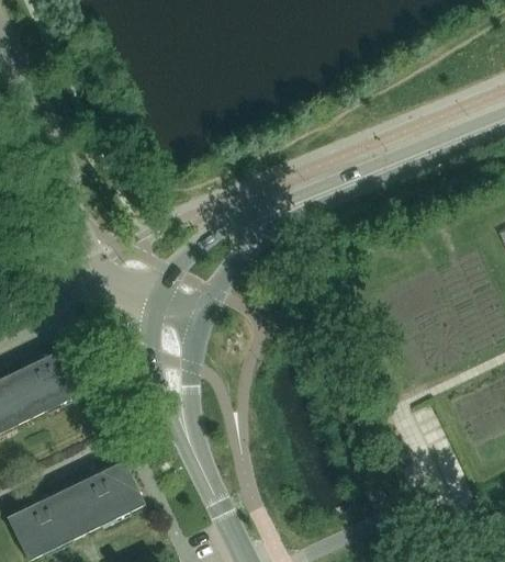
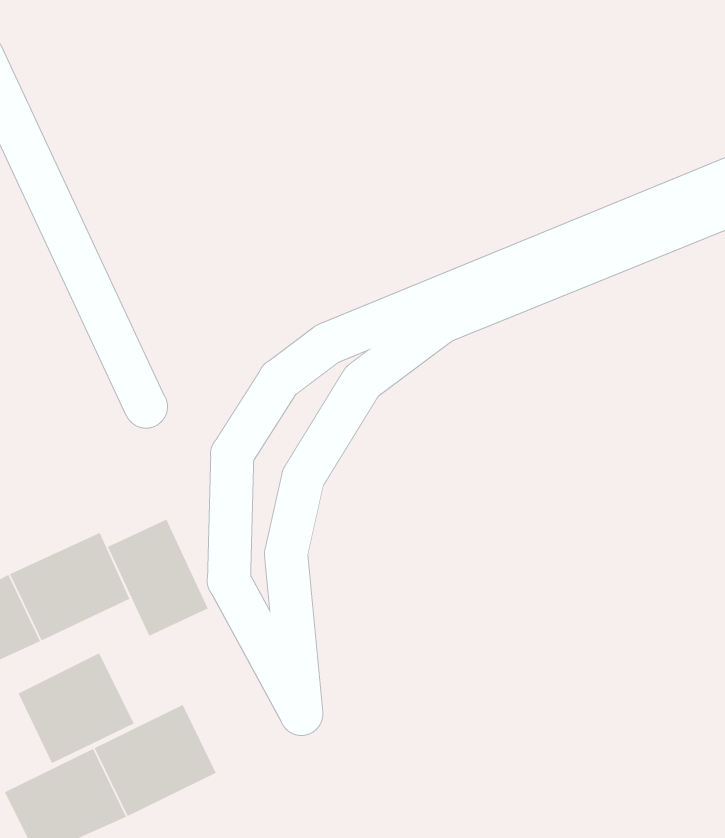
building: none -> [107,518,209,637]
building: none -> [18,652,135,764]

